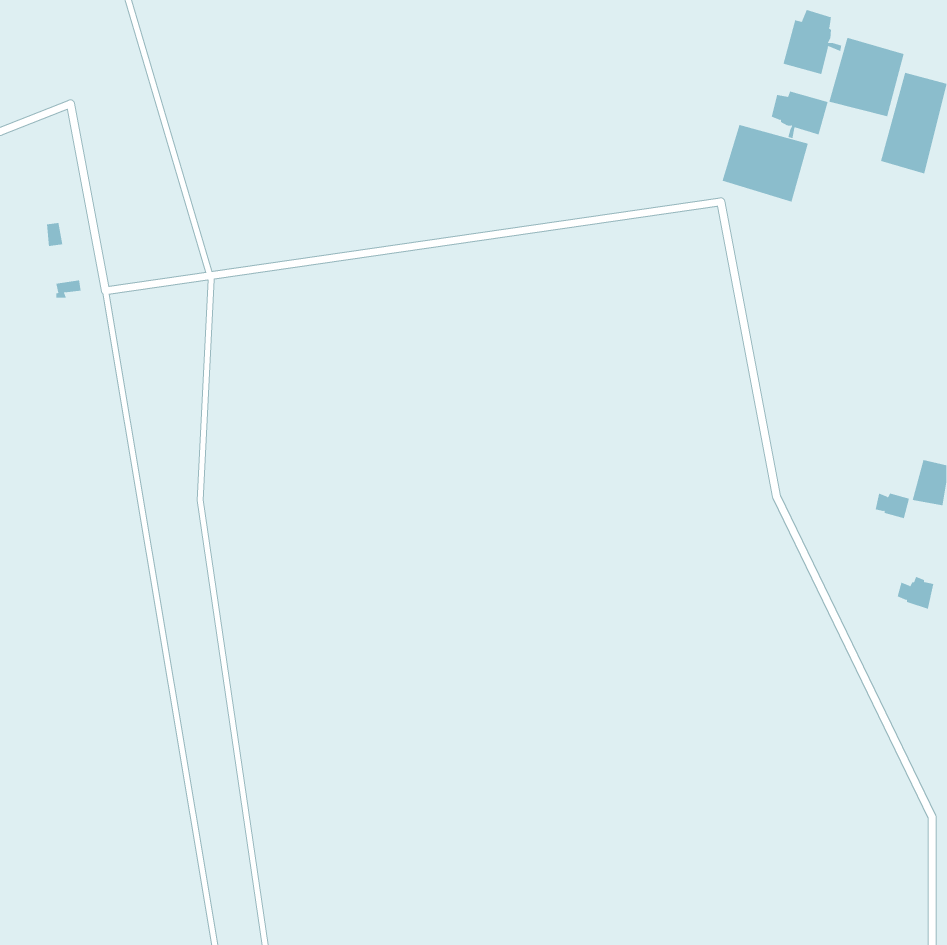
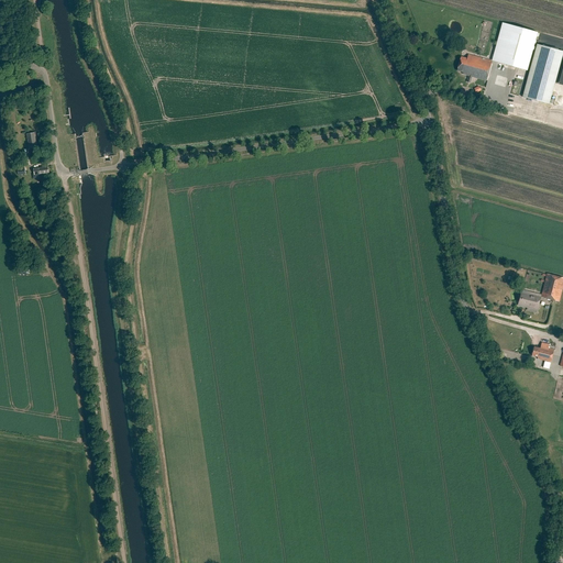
building: [783,9,842,75] -> none
building: [722,124,808,202] -> none

